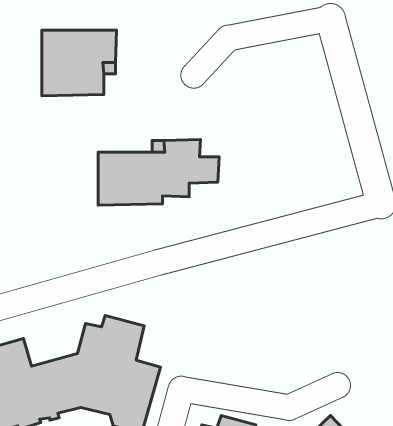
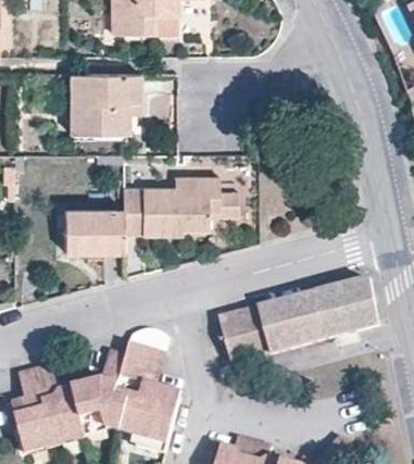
building: none -> [64,209,124,252]
building: none -> [219,278,379,366]

